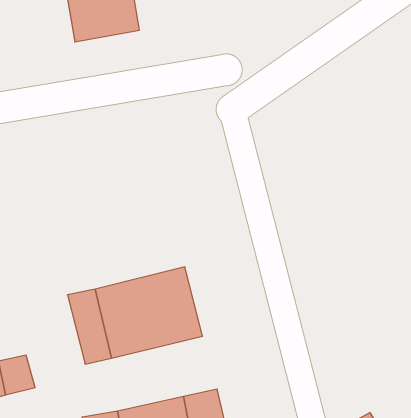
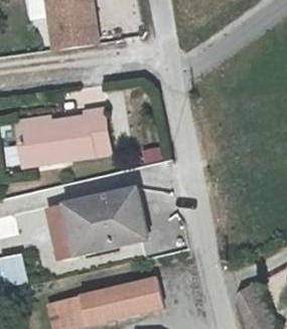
building: none -> [22,110,113,164]

